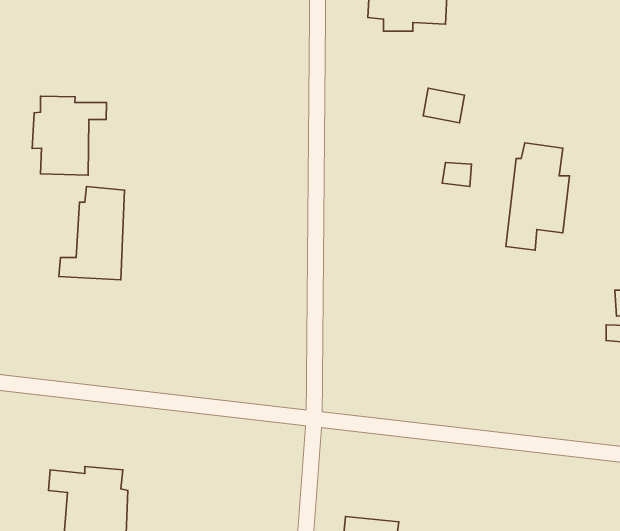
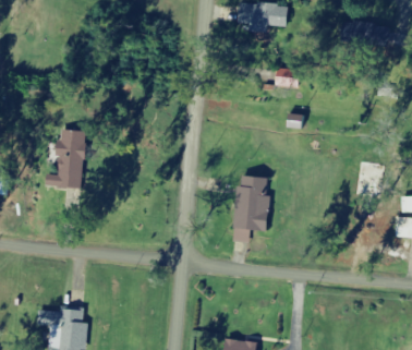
building: [32,96,106,175] -> none
building: [506,143,570,250] -> [230,176,270,243]

